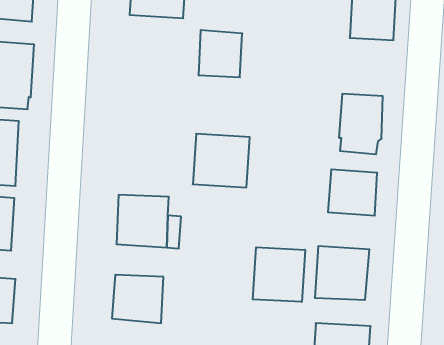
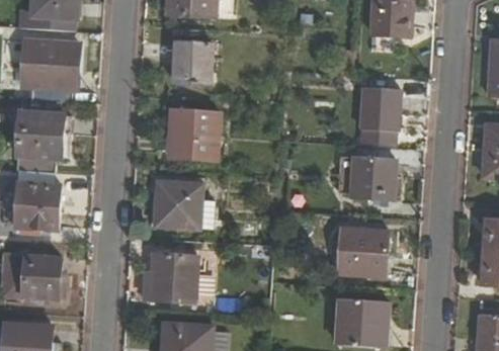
building: [198,30,242,77] -> [172,41,213,85]
building: [193,134,250,187] -> [166,110,219,160]
building: [253,247,305,302] -> none

